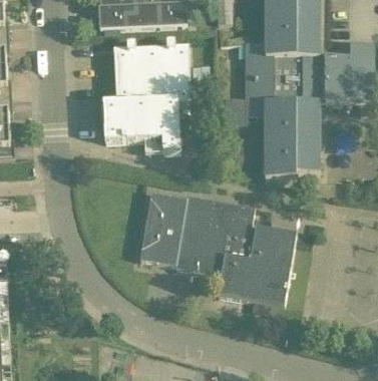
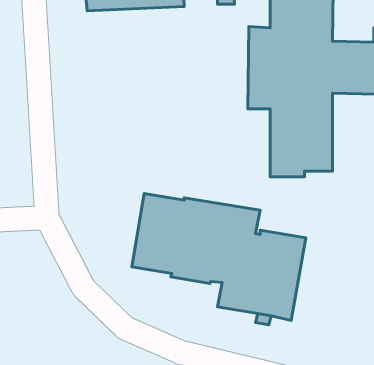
building: [102,40,190,151] -> none

